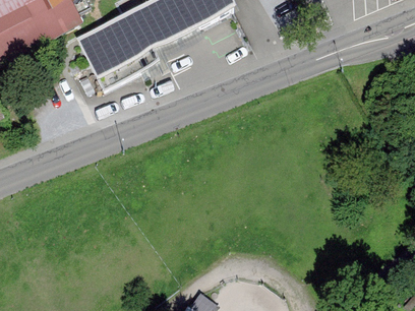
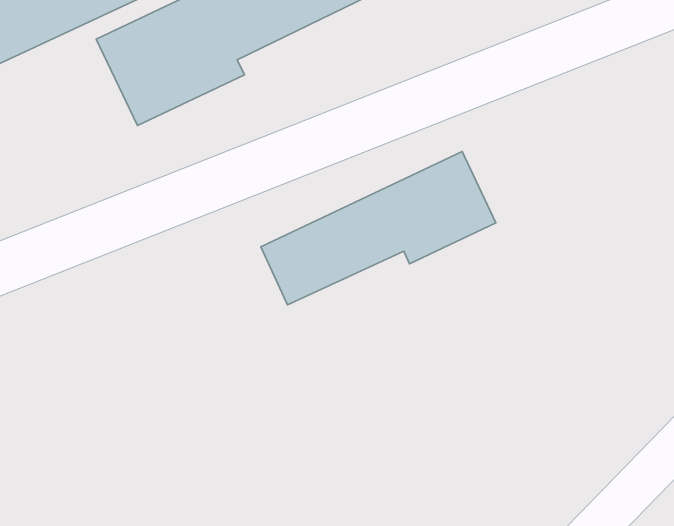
building: none -> [261,152,496,305]

